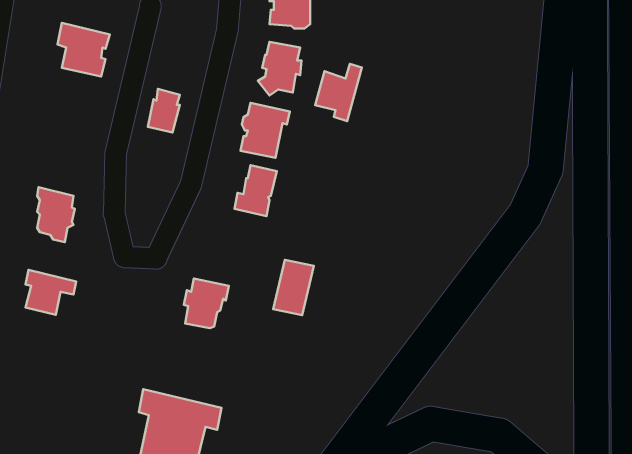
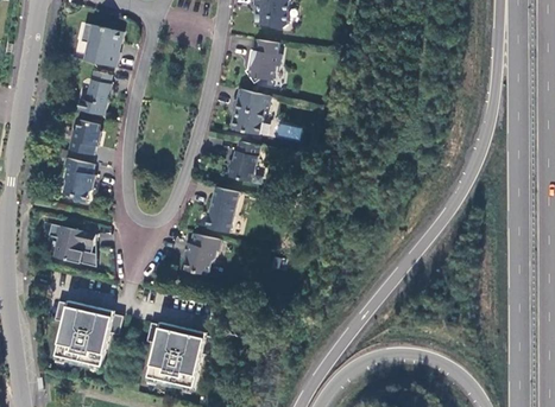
building: [315,64,362,121] -> none
building: [148,89,180,133] -> [84,71,111,107]
building: none -> [68,120,99,155]
building: [273,260,314,315] -> [204,186,238,231]
building: none -> [53,301,122,365]

